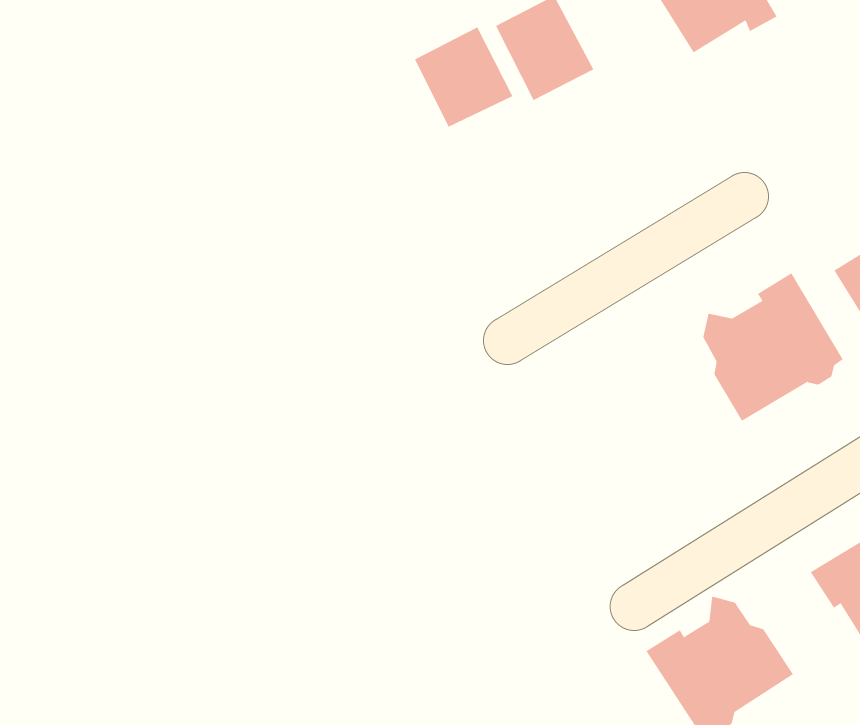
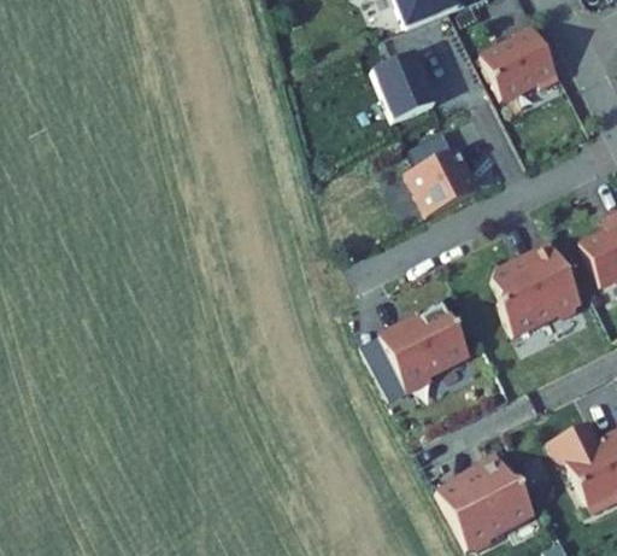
building: [414,26,513,128] -> none
building: none -> [406,142,478,211]
building: none -> [376,298,465,391]

